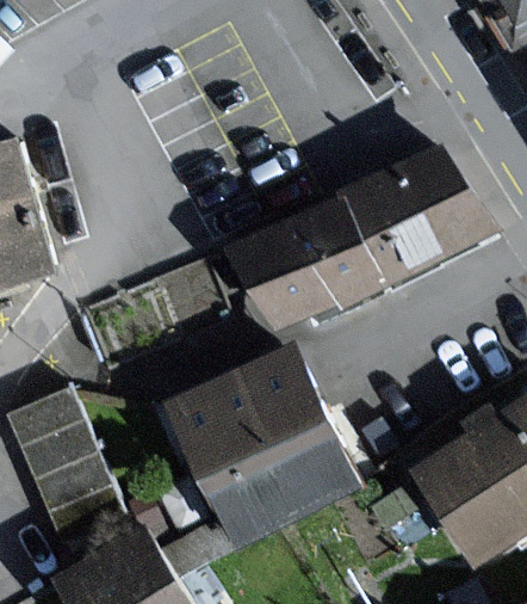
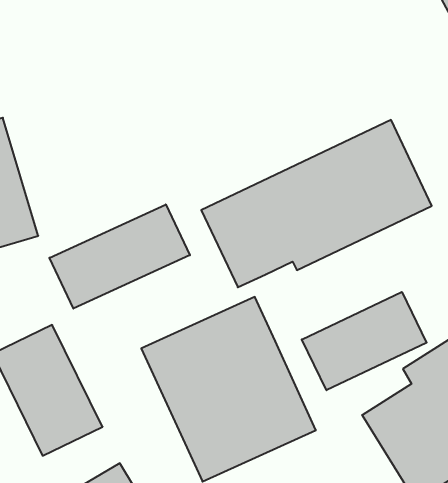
building: none -> [49,204,190,309]
building: none -> [302,292,427,390]

